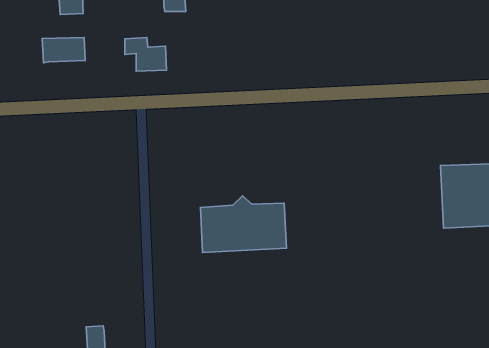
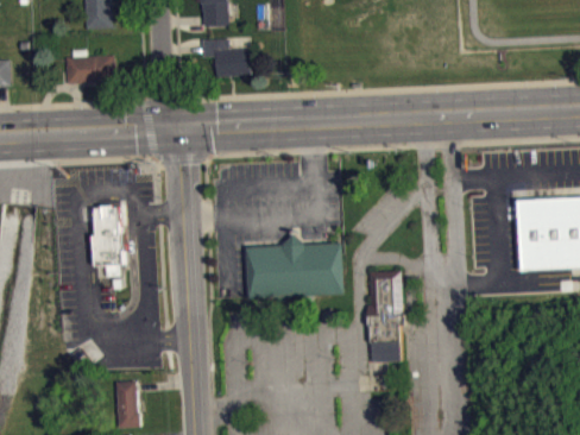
building: [125,38,167,71] -> [203,38,251,76]
building: none -> [94,206,126,266]
building: none -> [368,271,402,362]

